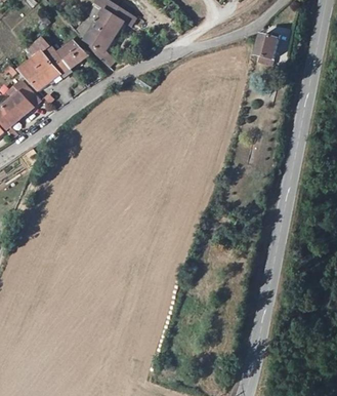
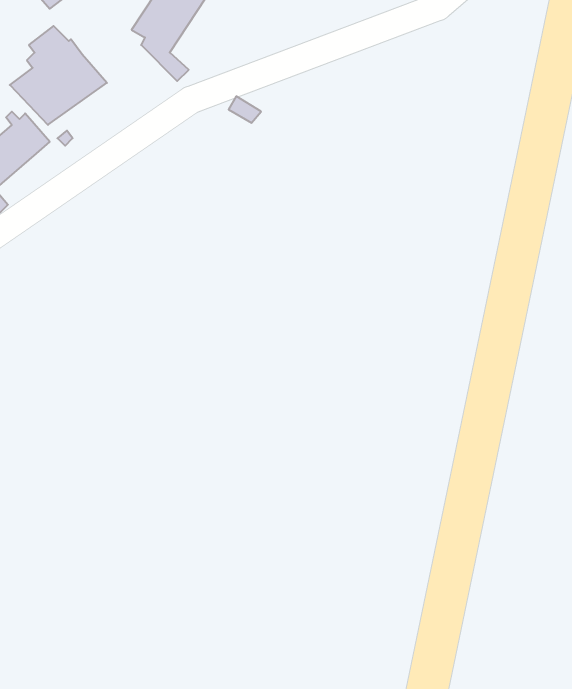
building: [254,34,277,66] -> none
building: [56,41,87,68] -> none

